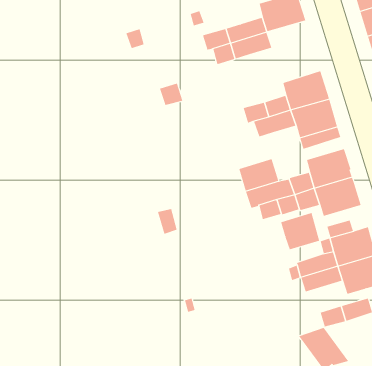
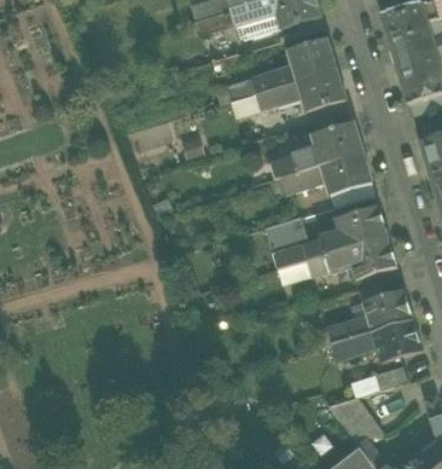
building: none -> [295,69,345,111]
building: [281,212,320,250] -> none

